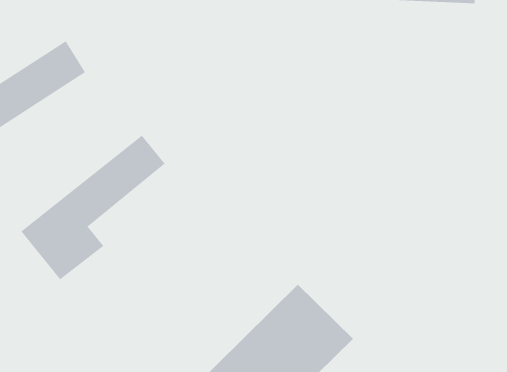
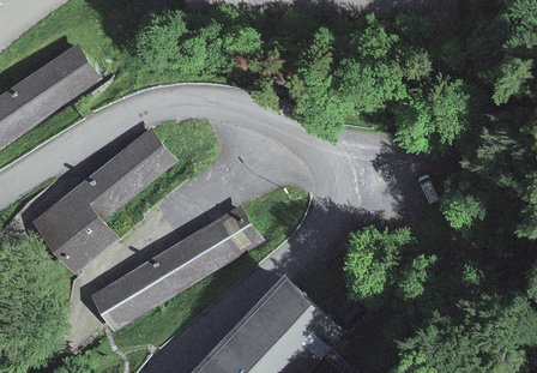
building: none -> [91,211,254,327]

